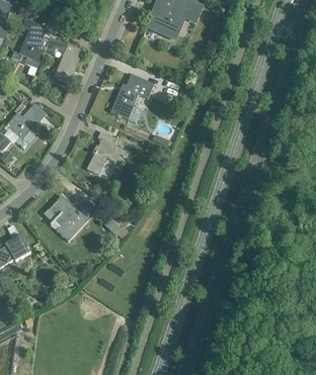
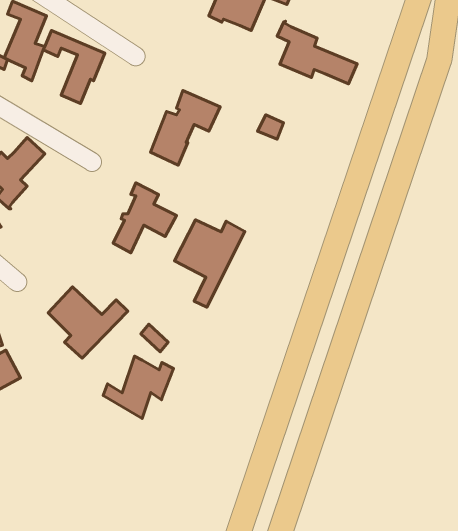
building: none -> [277,21,357,84]
building: none -> [174,220,245,307]
building: none -> [103,356,173,419]

